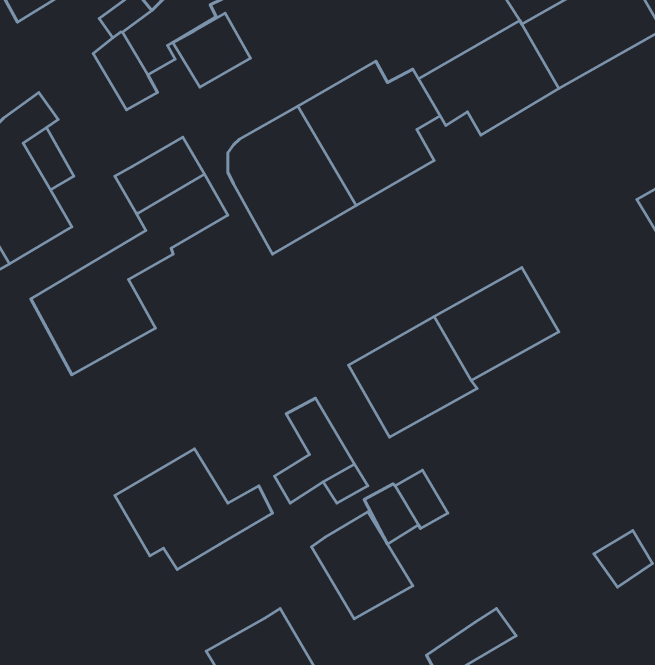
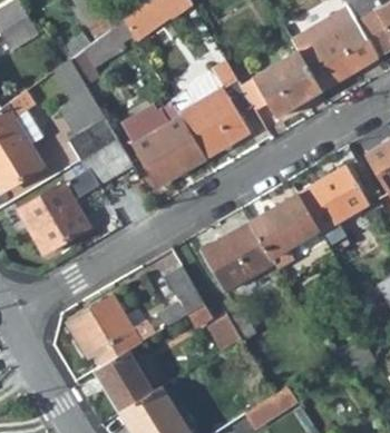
building: [173,13,251,87] -> [61,92,106,135]
building: none -> [300,166,369,232]
building: [311,512,413,619] -> [95,351,153,412]

